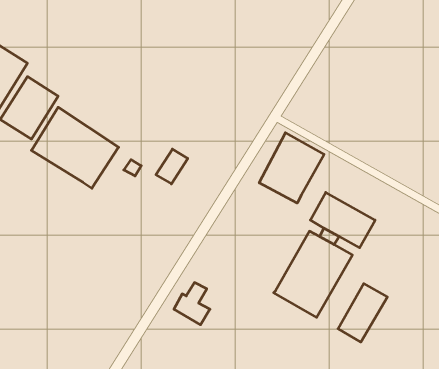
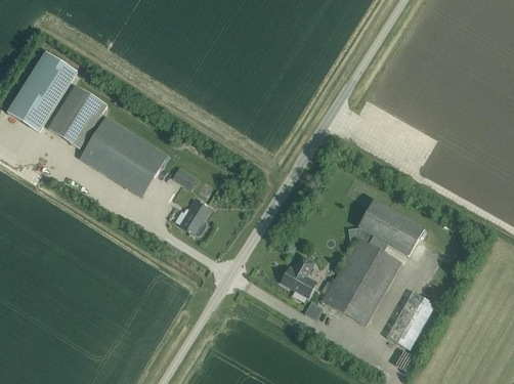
building: [259,133,324,203] -> none
building: [156,149,188,184] -> [178,201,210,236]
building: [174,283,210,325] -> [281,256,316,298]

